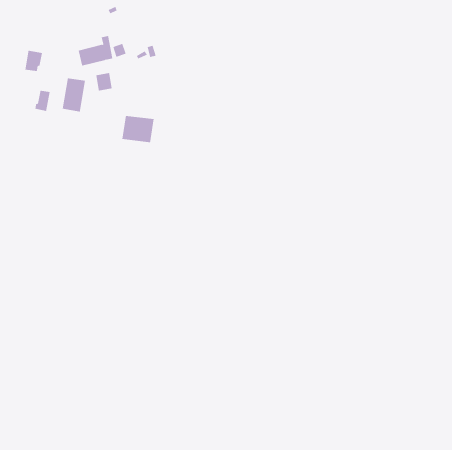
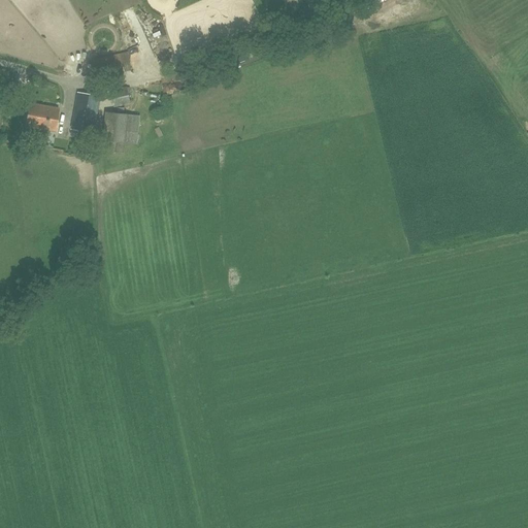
building: [24,50,43,71] -> [25,102,46,127]
building: [122,115,154,143] -> [102,110,140,142]

